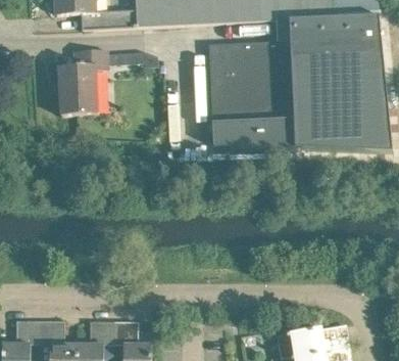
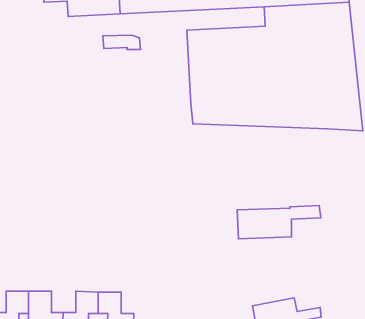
building: [58,50,107,116] -> none
building: none -> [237,205,321,239]

